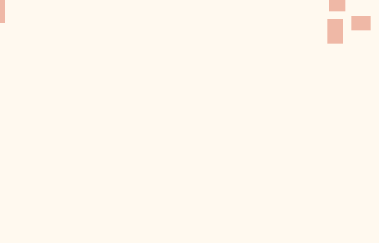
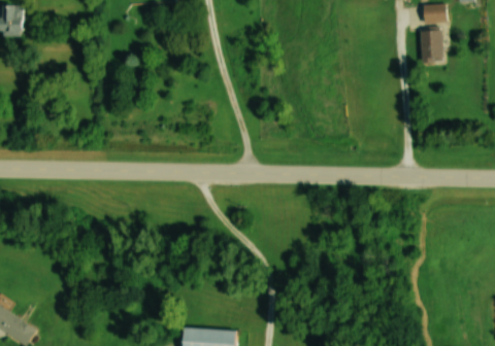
building: [351,15,371,31] -> none

